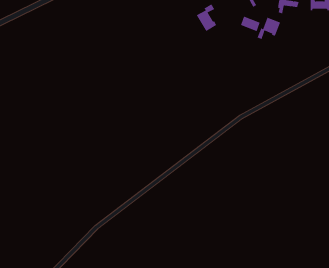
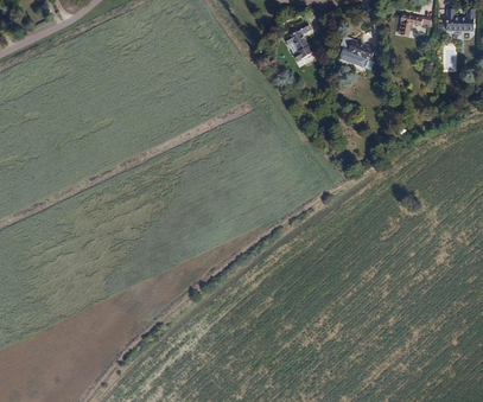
building: [257,17,281,40] -> none

